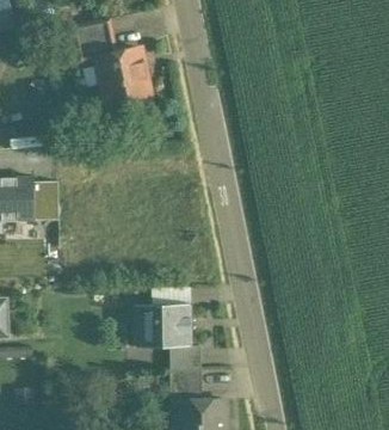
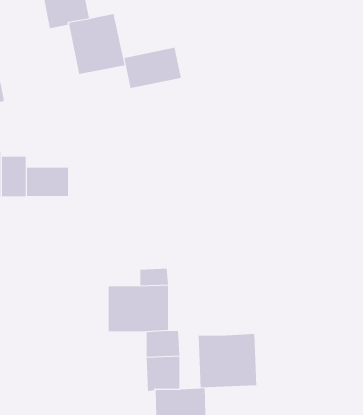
building: none -> [124,47,181,89]
building: none -> [26,167,69,197]
building: none -> [198,333,257,388]

